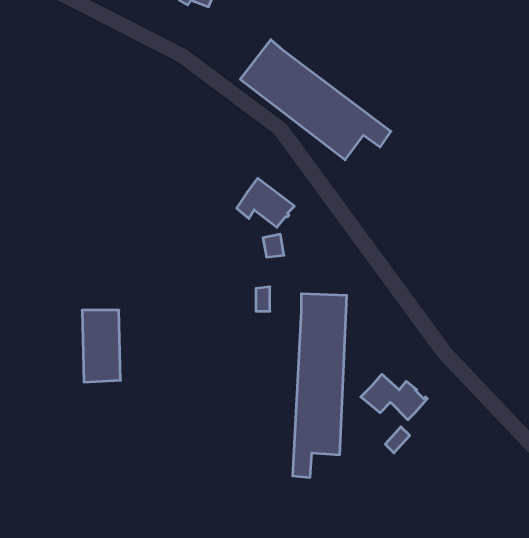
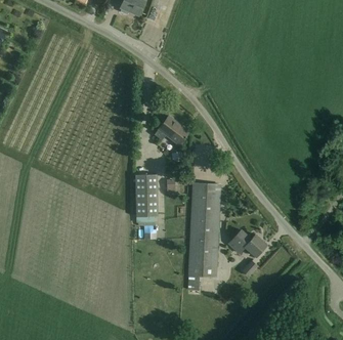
building: [240,40,391,160] -> none
building: [82,310,121,382] -> [134,175,157,217]

